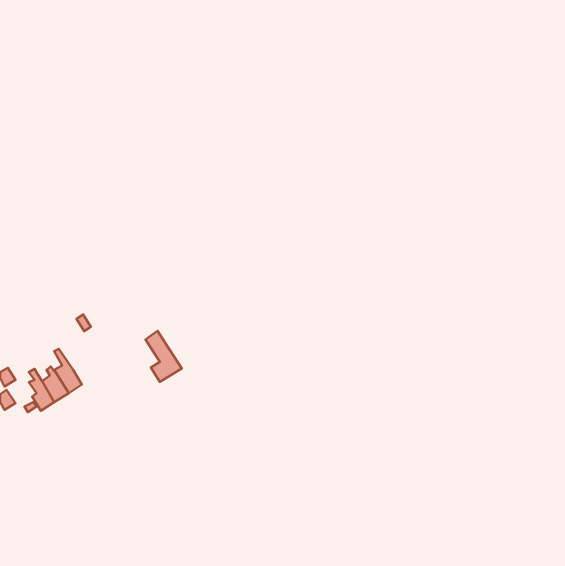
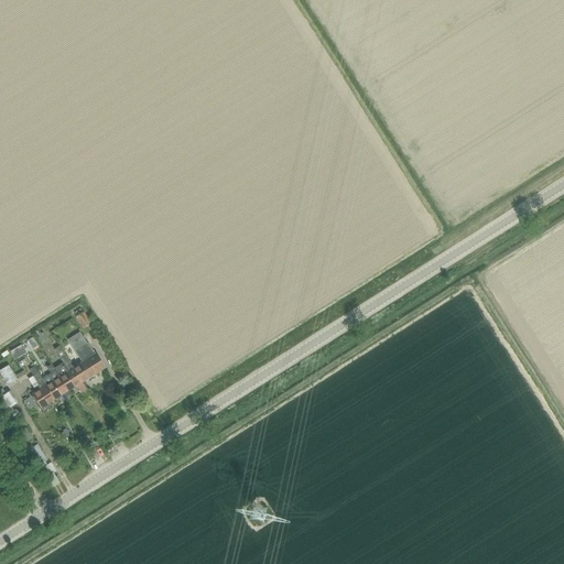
building: [145,331,182,382] -> [68,332,105,382]

